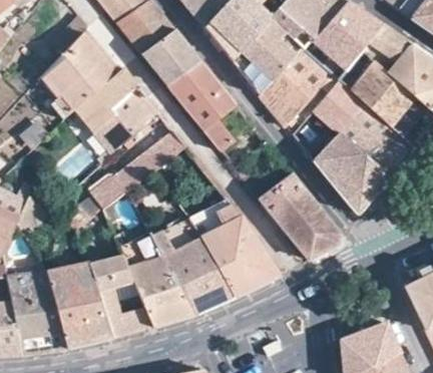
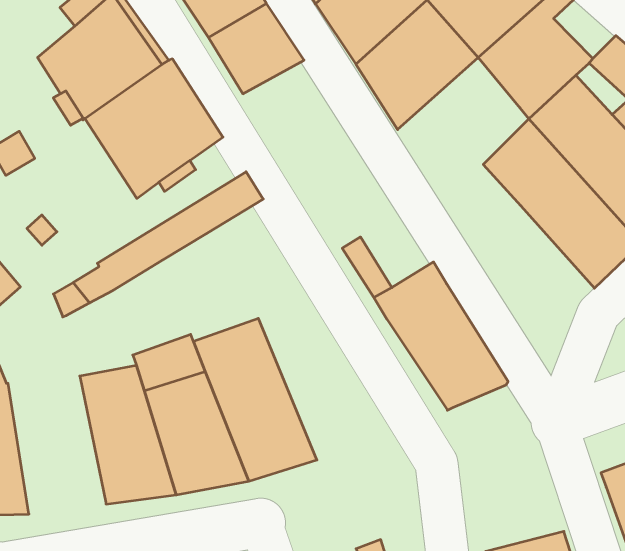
building: [260,47,331,127] -> none
building: [165,60,236,151] -> none
building: [312,132,387,214] -> none
building: [189,199,279,297] -> none
building: [45,263,111,348] -> none

